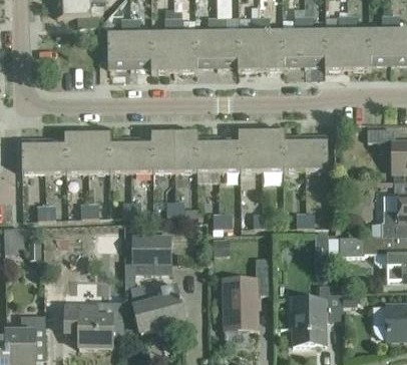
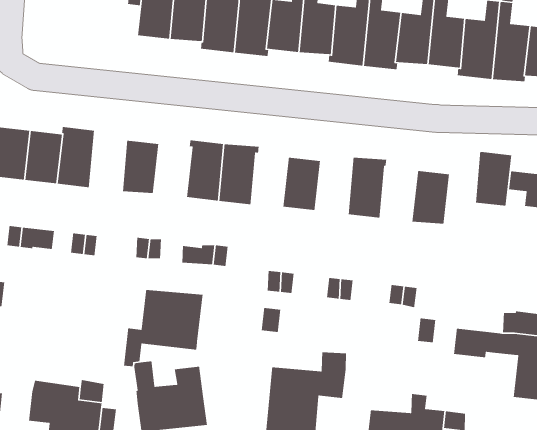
building: [239,131,263,170] -> none
building: [87,132,111,172] -> none
building: [284,135,306,170] -> [475,151,512,207]
building: [196,136,219,171] -> none
building: [131,137,153,171] -> none

